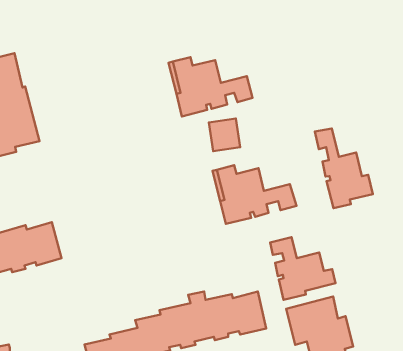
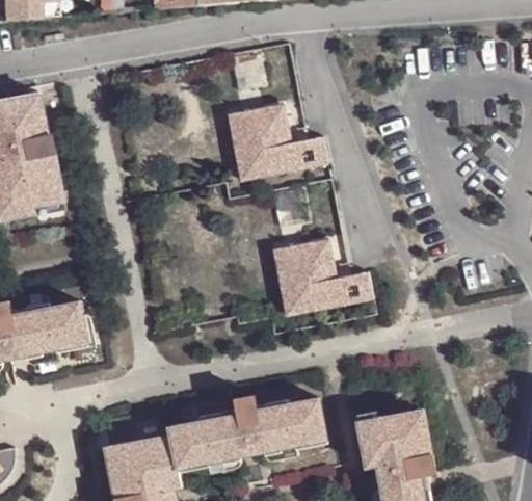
building: [315,128,373,208] -> none
building: [270,237,336,300] -> none

